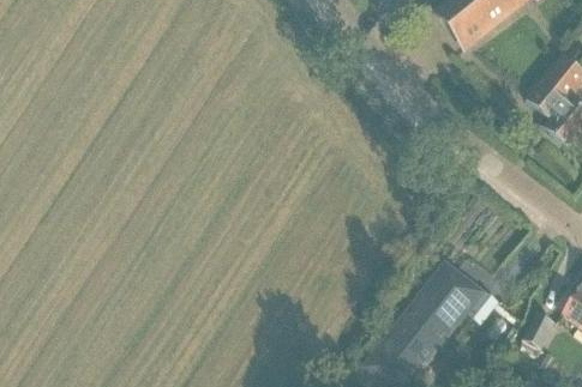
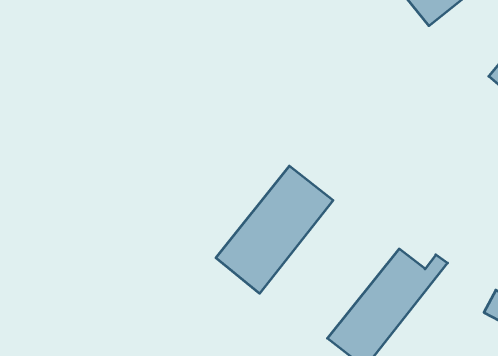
building: none -> [216,166,333,293]

